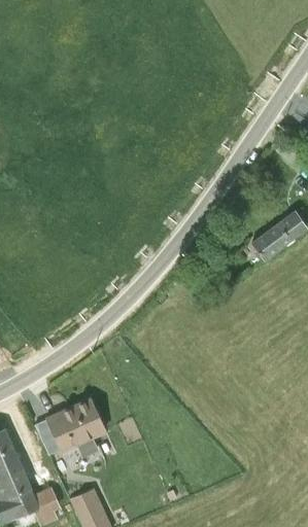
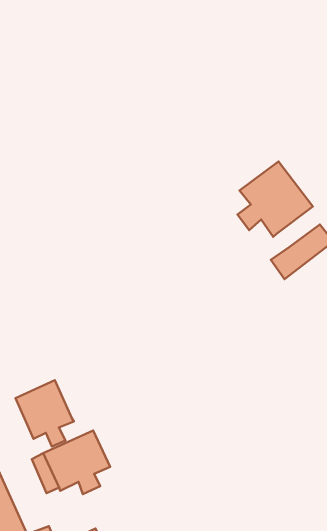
building: none -> [237,161,313,237]
building: none -> [15,380,74,446]

